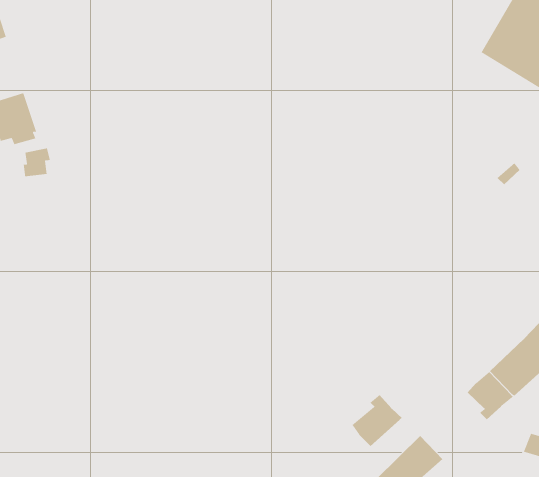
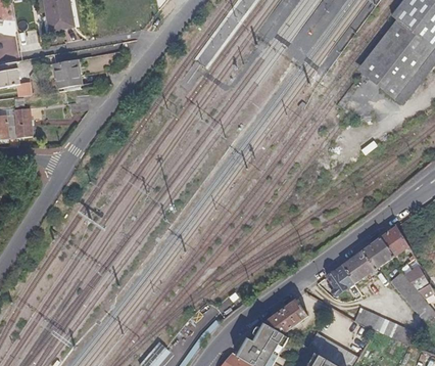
building: [351,394,403,447] -> none

